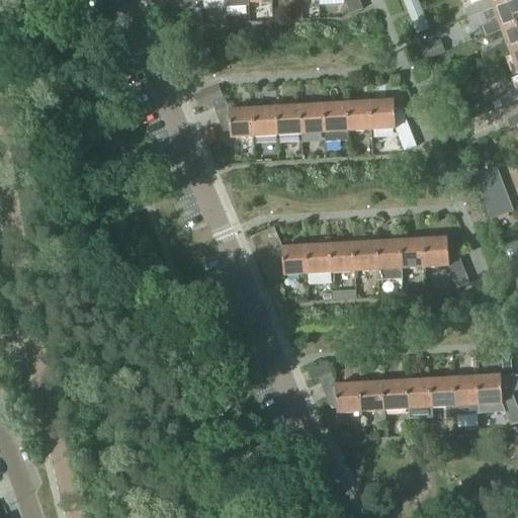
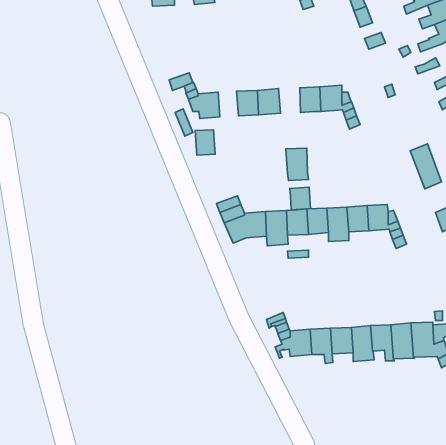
building: [324,101,350,139] -> [286,148,309,181]
building: [254,105,277,135] -> [195,130,215,155]
building: none -> [290,187,310,210]

